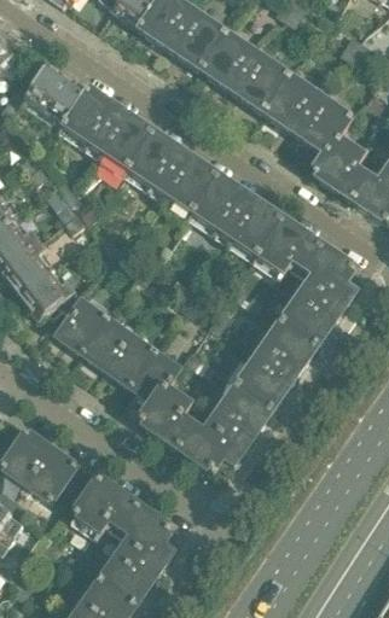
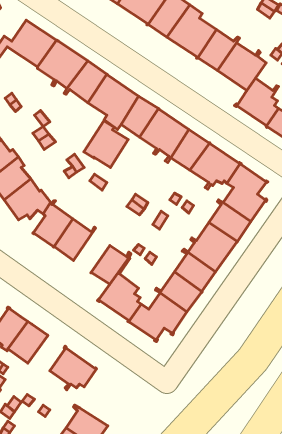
building: none -> [84,121,128,168]
building: [108,328,153,385] -> none
building: [115,507,172,579] -> none

